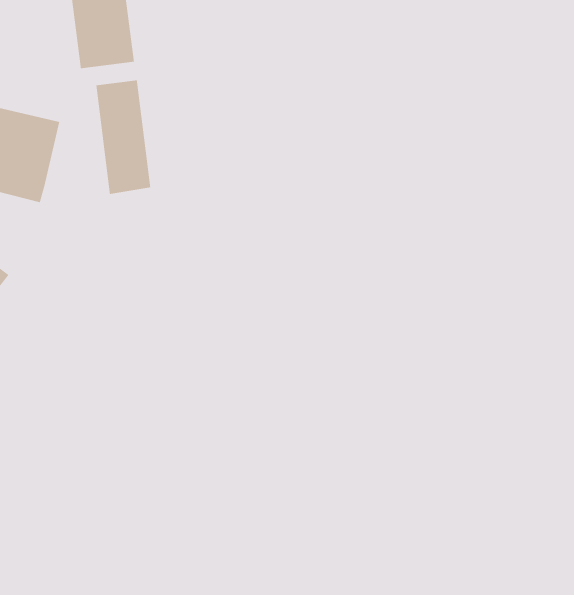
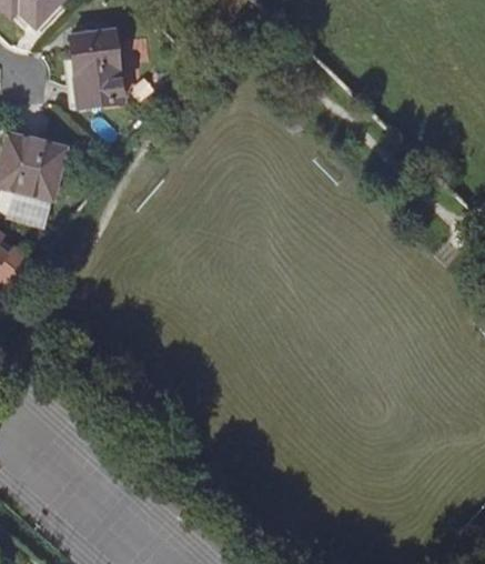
building: [95,80,151,195] -> none

